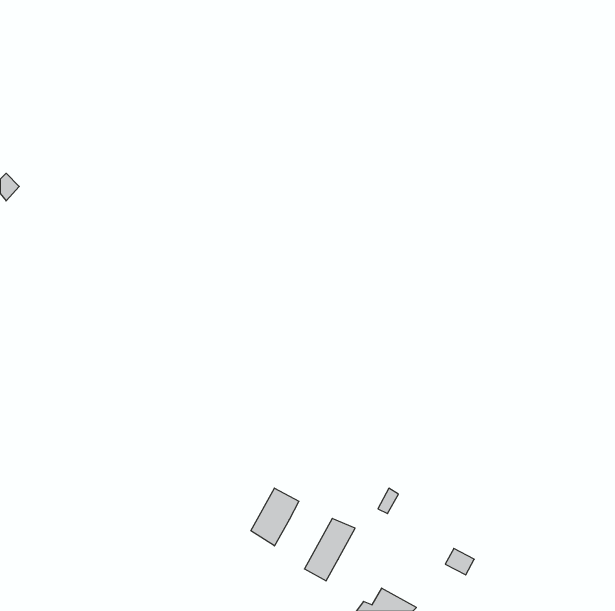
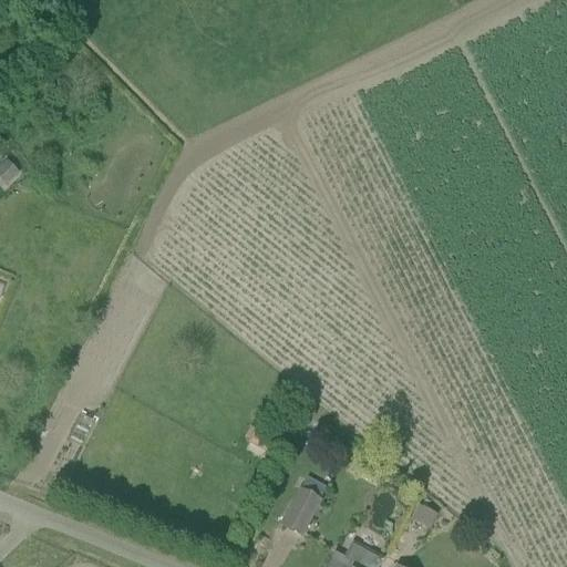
building: [251,488,299,546] -> none

